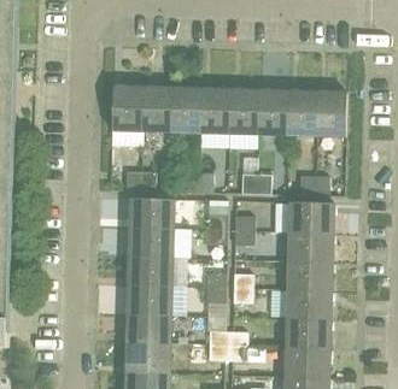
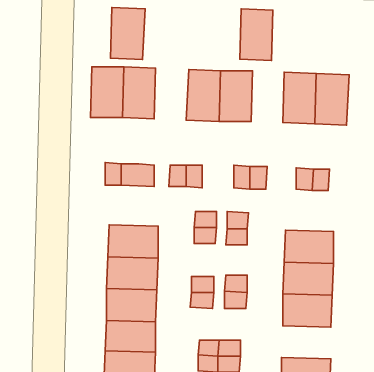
building: [169,84,200,131] -> [111,8,145,59]
building: [257,87,287,134] -> [240,9,273,61]
building: [128,198,174,228] -> none
building: [288,201,333,232] -> none
building: [285,318,329,348] -> none

